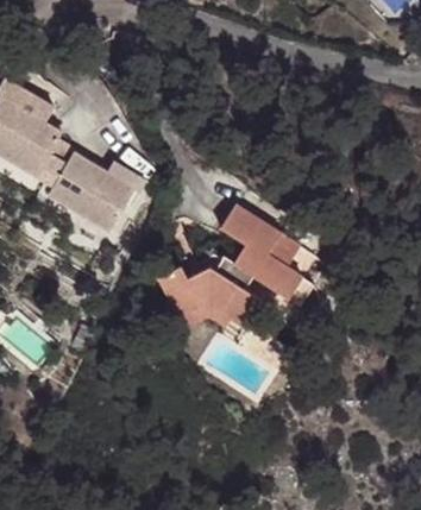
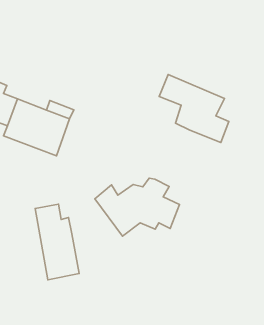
building: [215,212,299,308] -> [159,74,229,142]
building: none -> [35,204,79,280]

